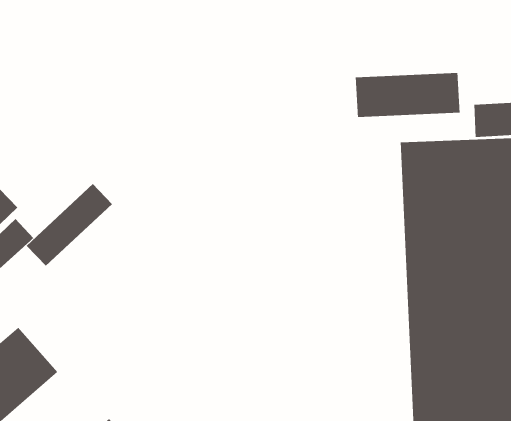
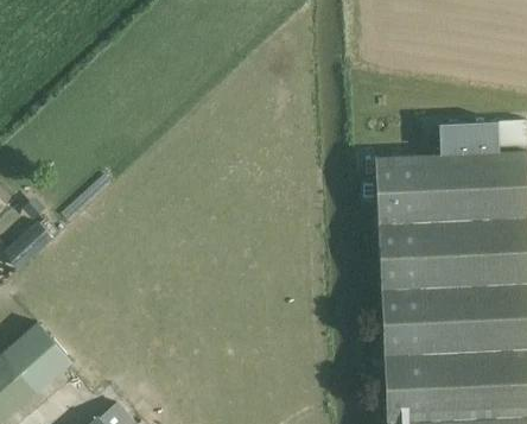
building: [355,72,460,118] -> none
building: [26,183,113,267] -> none

